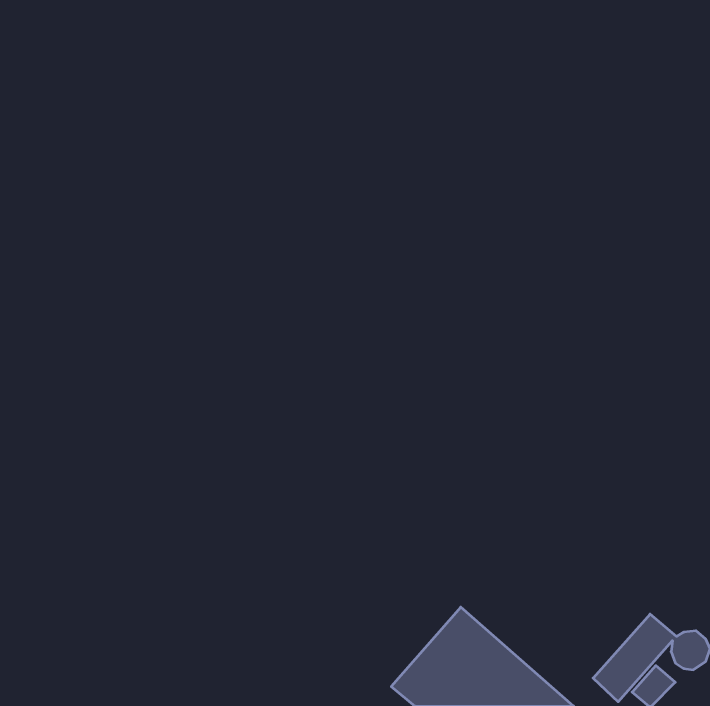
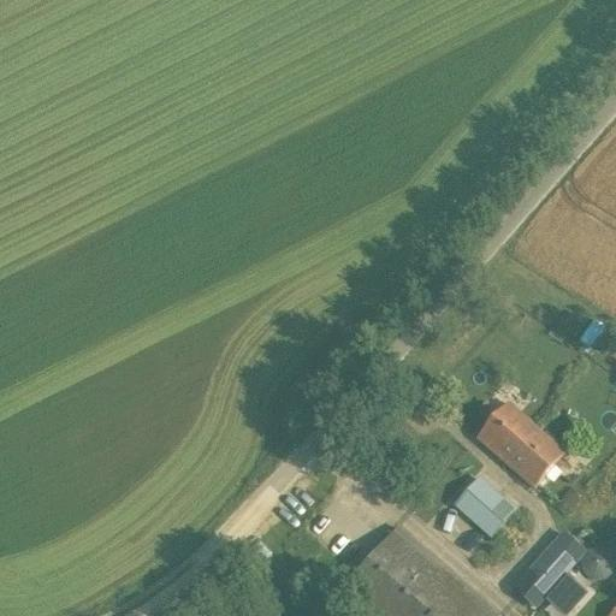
building: none -> [476,402,564,487]
building: none -> [452,475,521,537]

